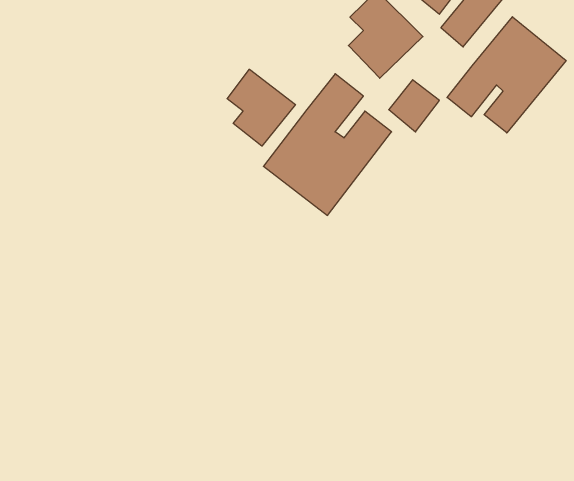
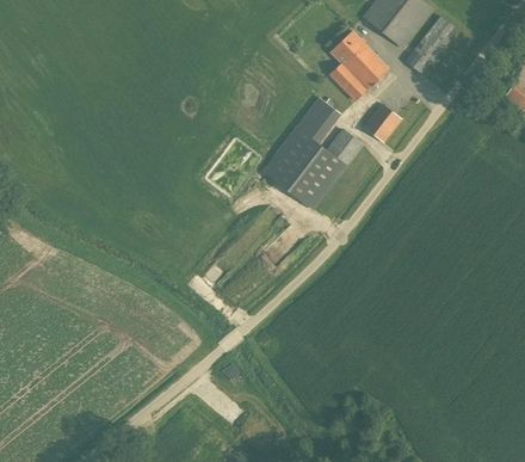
building: [447,17,566,133] -> none
building: [227,69,295,146] -> none

